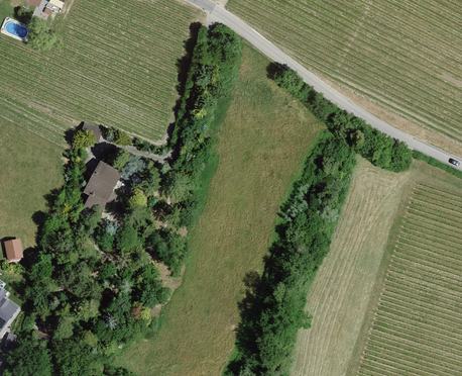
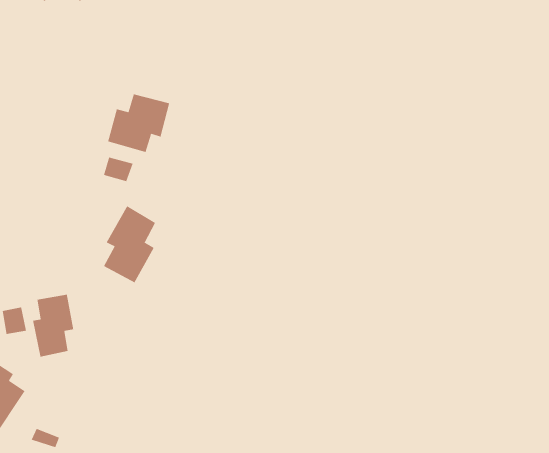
building: none -> [107,94,170,153]
building: none -> [33,294,74,358]

